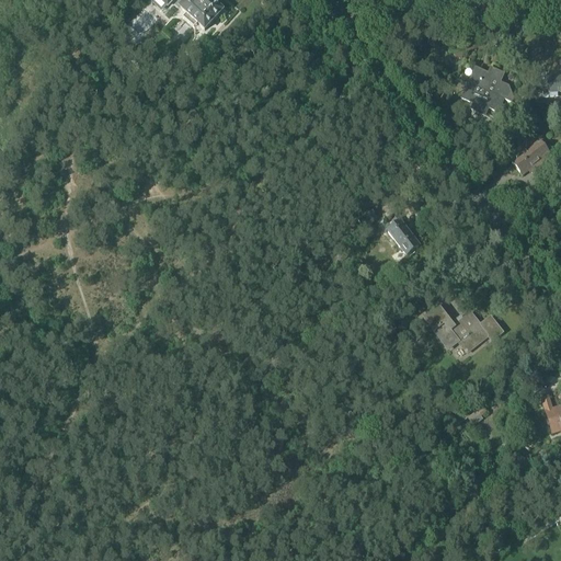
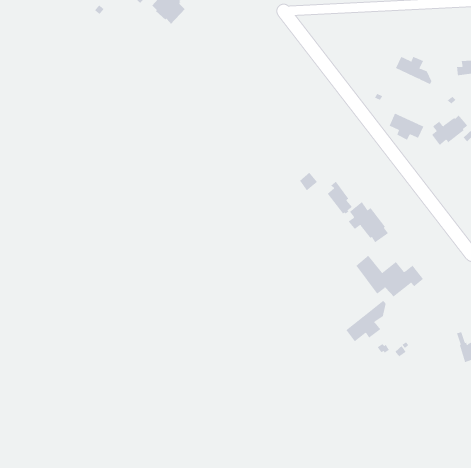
building: [463,81,505,114] -> [389,113,424,140]
building: none -> [348,201,389,243]
building: none -> [345,300,386,342]

